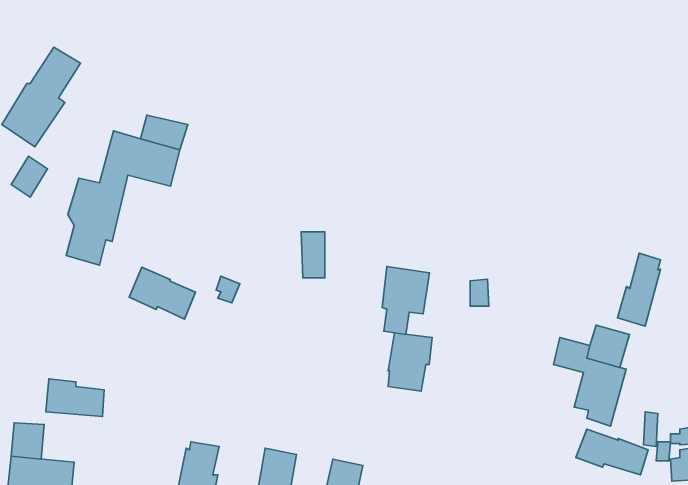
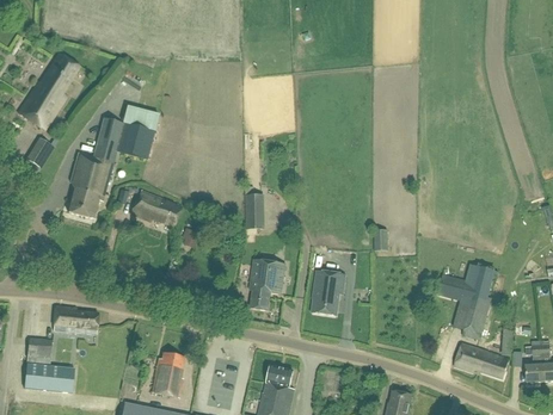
building: [618,253,661,326] -> none
building: [382,267,430,334] -> [250,258,285,309]
building: [129,267,195,319] -> [131,186,182,225]

